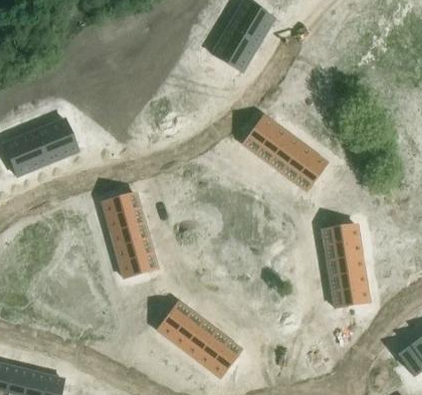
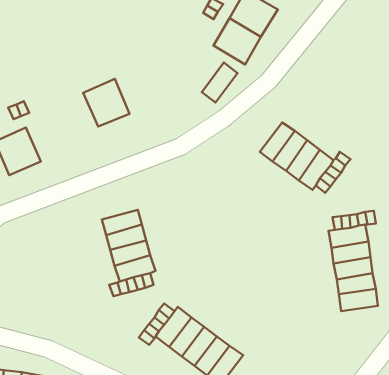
building: [244,117,278,155] -> [202,63,238,103]
building: [34,119,78,164] -> [83,79,130,126]
building: [102,194,141,219] -> none

